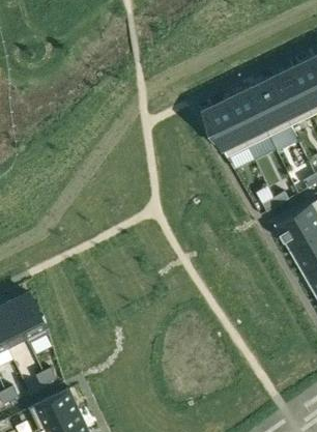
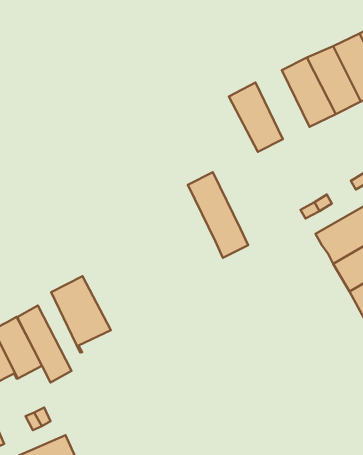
building: [226,89,276,160] -> [188,172,248,258]
building: none -> [51,276,111,352]
building: none -> [17,306,71,382]

